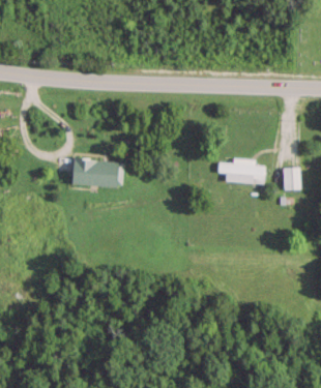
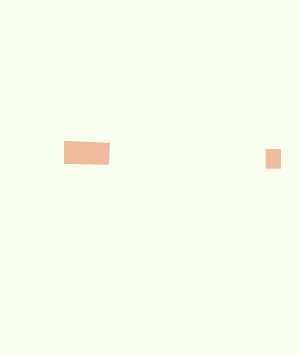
building: [217,162,265,184] -> none

